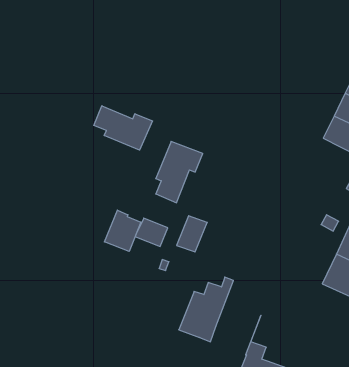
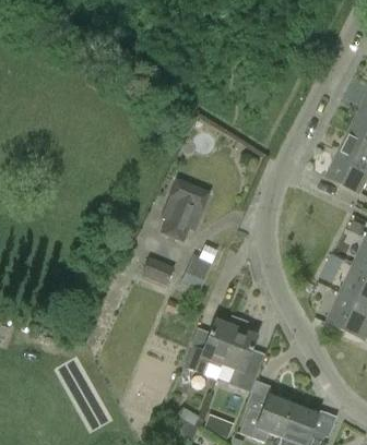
building: [94,106,152,150] -> none
building: [104,210,141,251] -> none
building: none -> [220,317,264,392]

